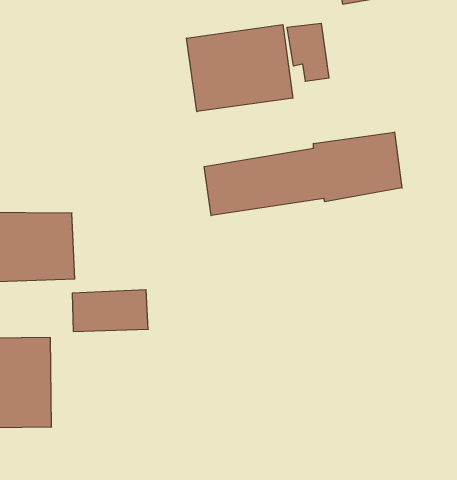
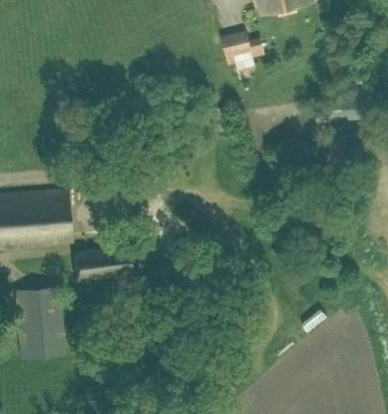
building: [187,25,293,112] -> none
building: [204,132,402,216] -> none

